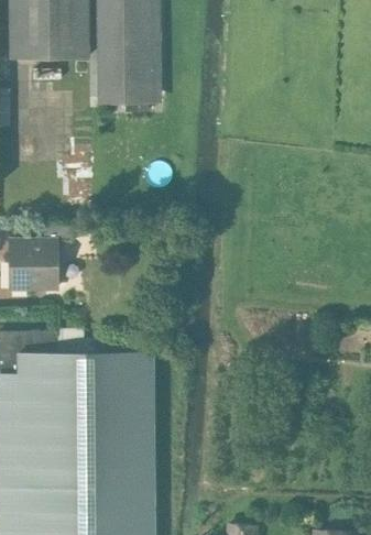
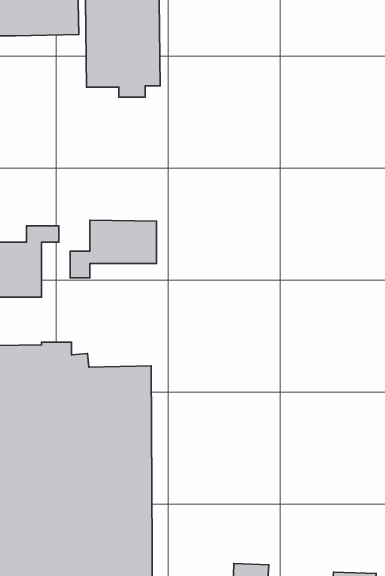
building: none -> [70,220,157,278]

